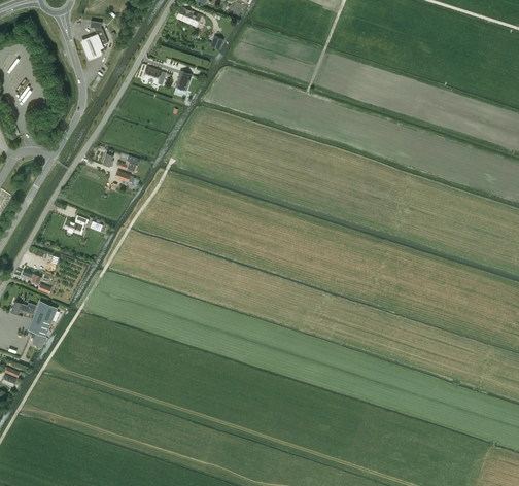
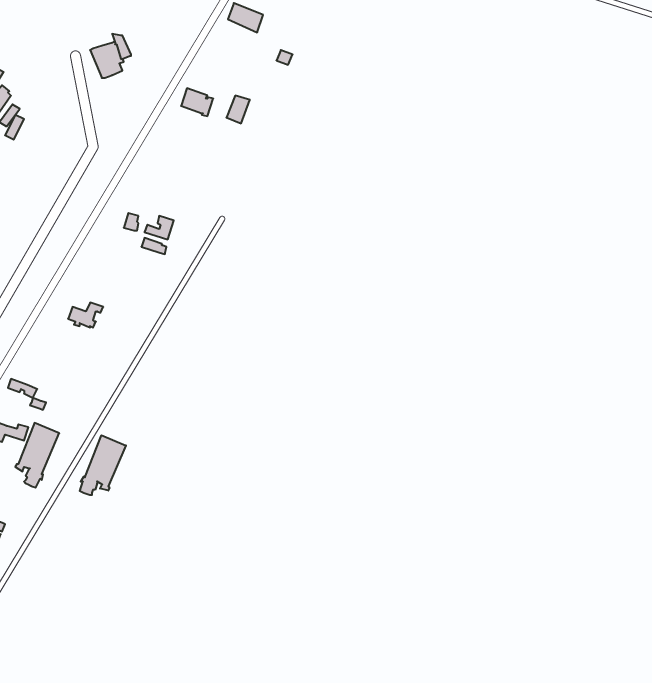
building: none -> [80,435,126,495]

